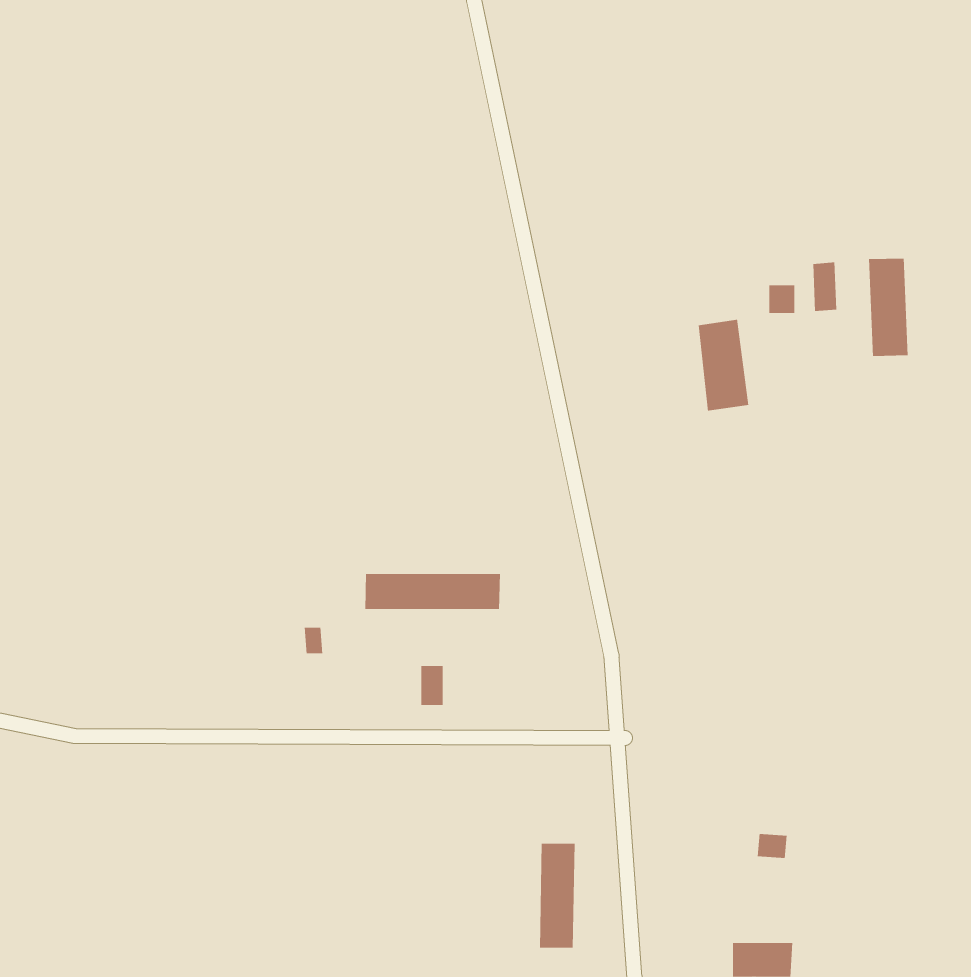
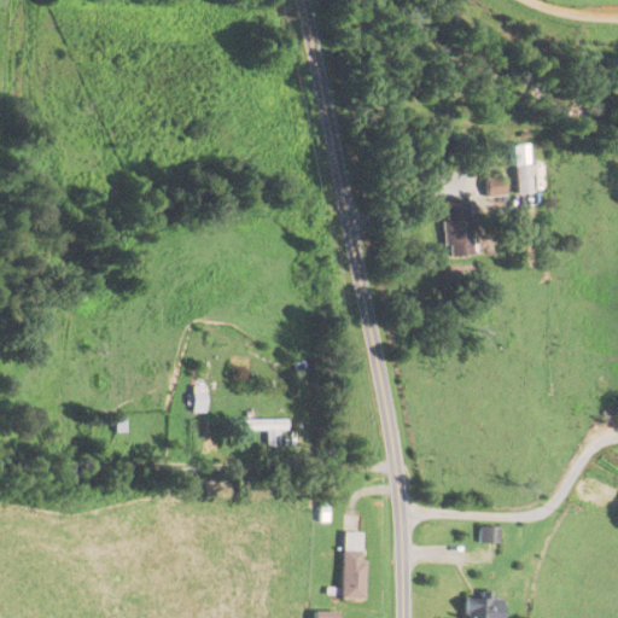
building: [869,258,908,357] -> none
building: [365,573,500,610] -> none

